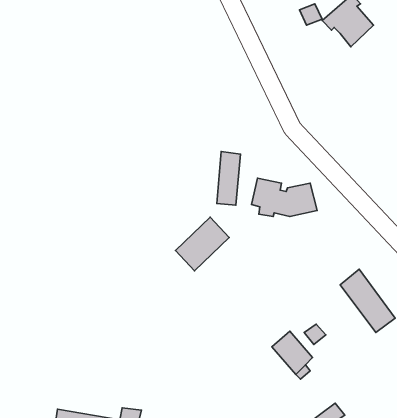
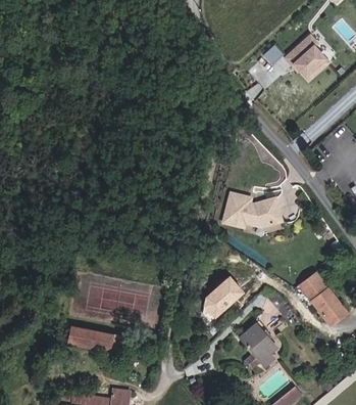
building: [217,152,241,205] -> none
building: [175,217,229,271] -> [199,272,245,318]
building: none -> [68,326,124,354]

